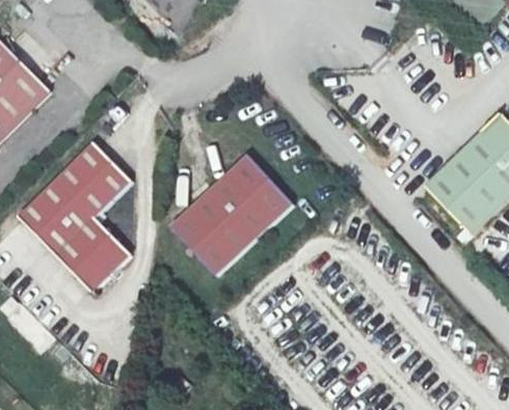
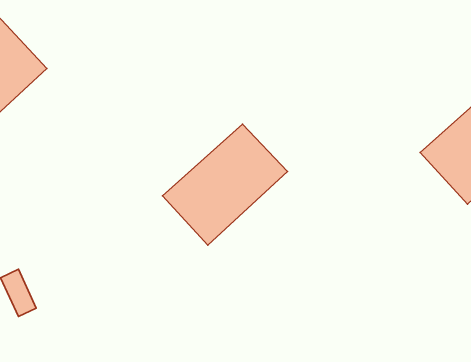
building: [17,140,129,285] -> none

